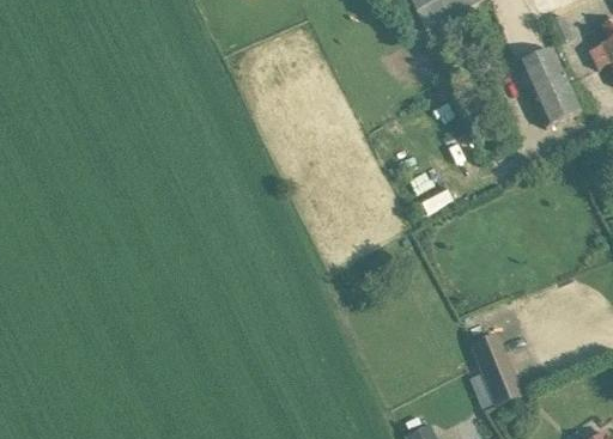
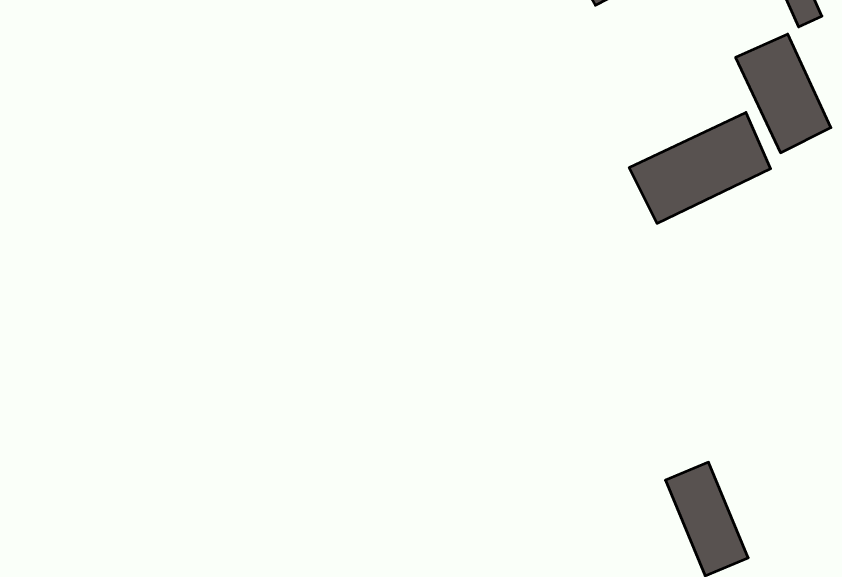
building: none -> [629,112,771,223]

